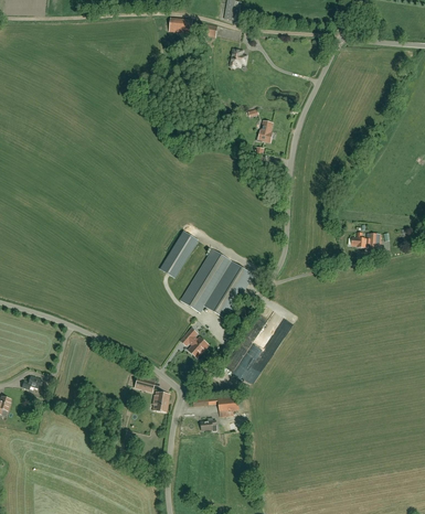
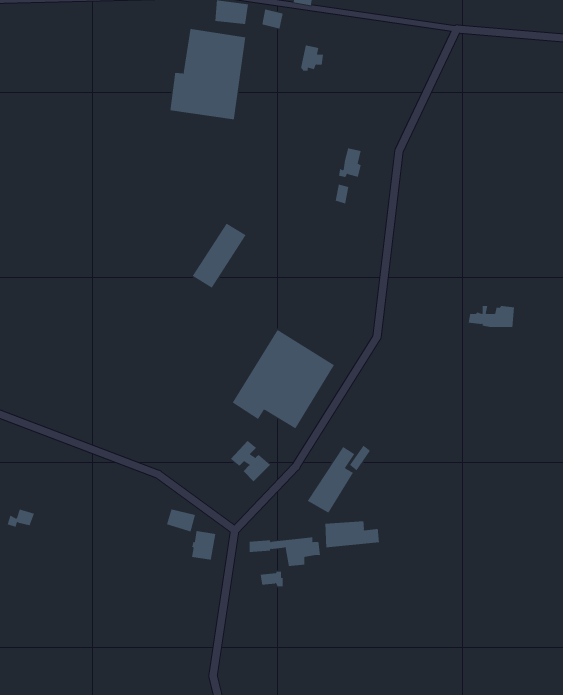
building: none -> [170,28,246,120]
building: [159,232,198,278] -> [192,223,247,288]
building: none -> [325,521,379,548]

